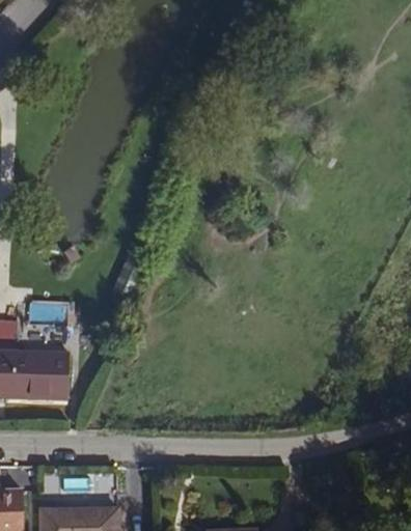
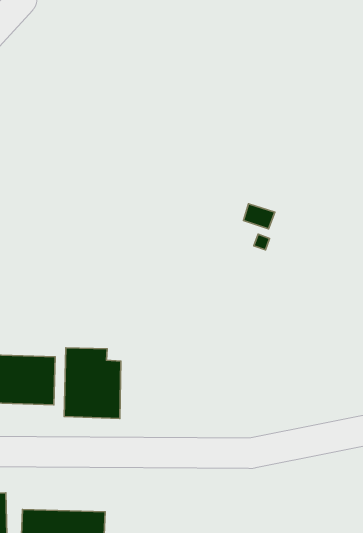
building: none -> [64,348,121,418]

